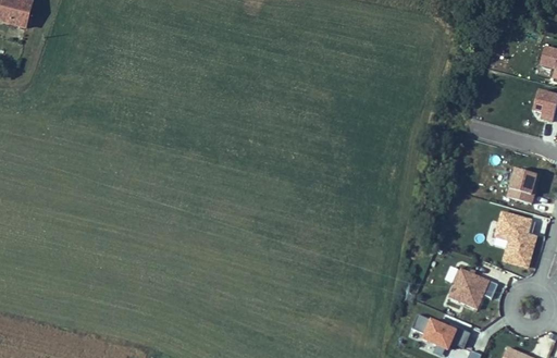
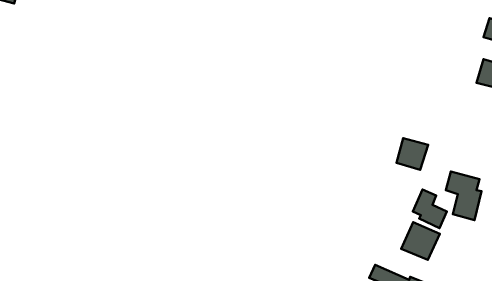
building: [506,169,541,203] -> [396,138,428,170]
building: none -> [413,189,447,228]

